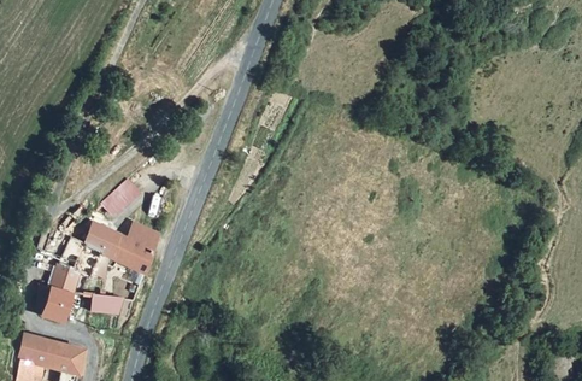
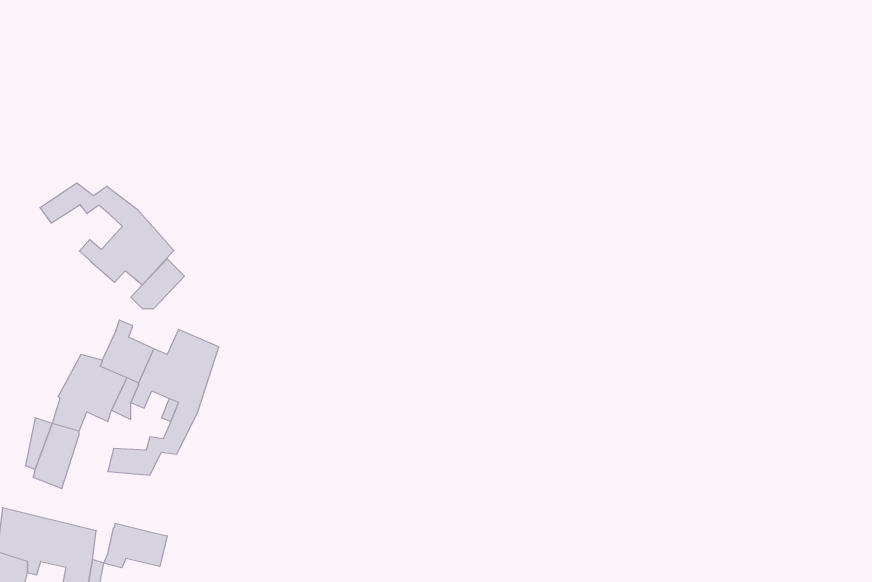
building: none -> [40,183,174,285]
building: none -> [104,523,167,568]

